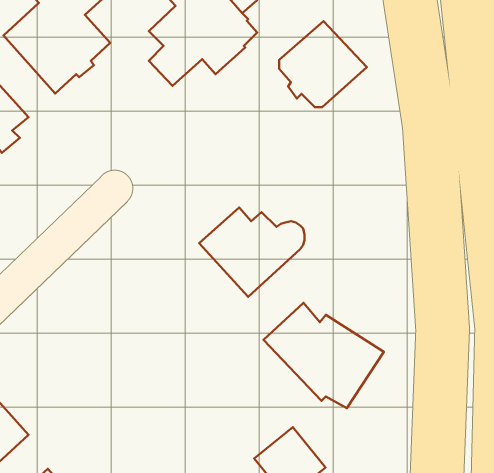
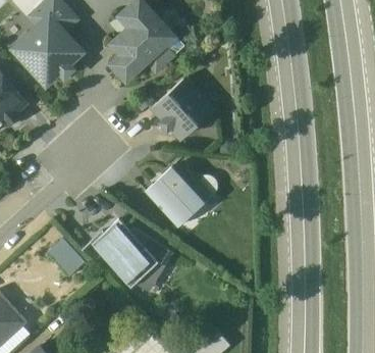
building: [279,21,367,107] -> [155,79,215,138]
building: [264,303,384,408] -> [92,219,174,292]
building: none -> [48,240,84,276]

